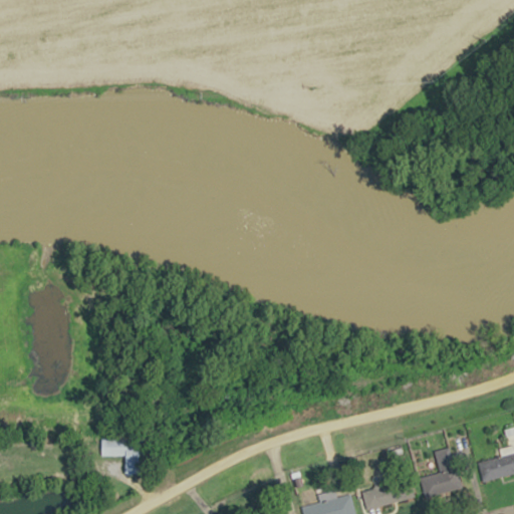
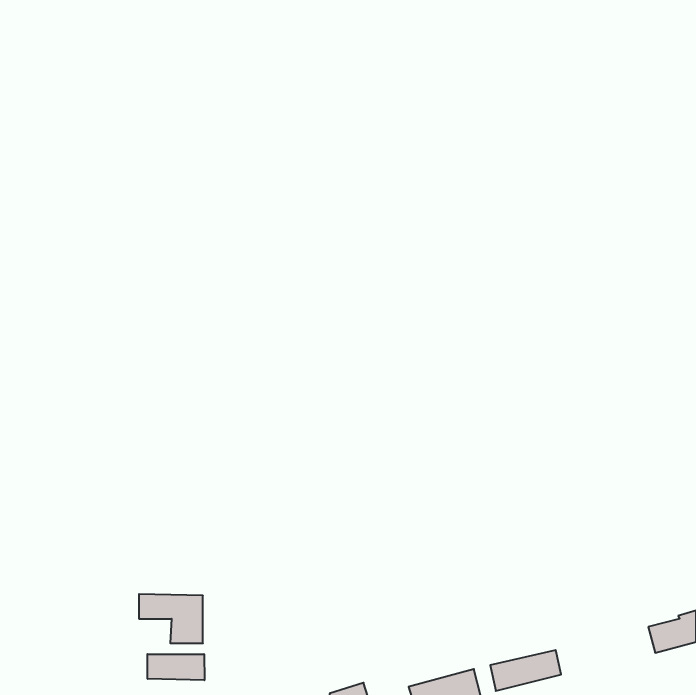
building: [420,448,462,498] -> none
building: none -> [147,654,204,680]

